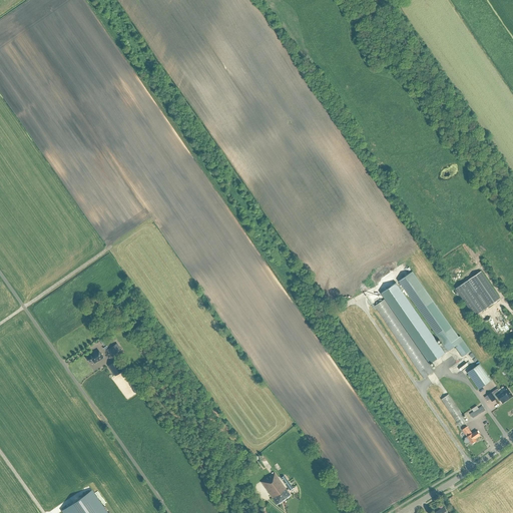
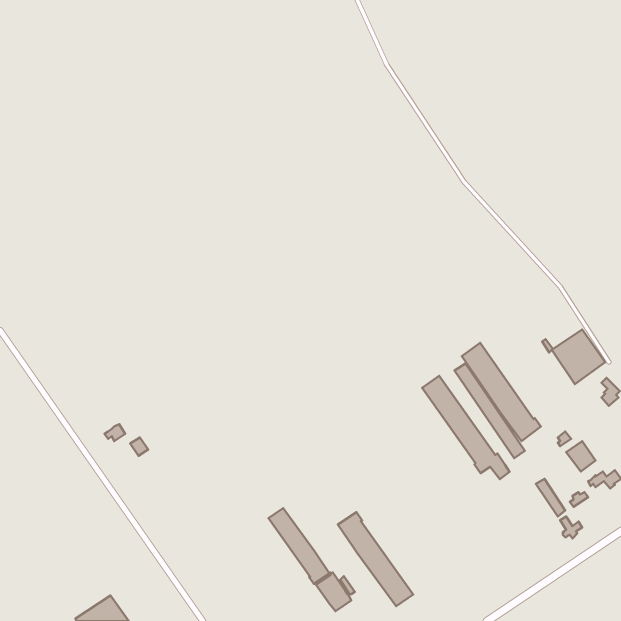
building: [398,272,470,357] -> [422,376,510,479]
building: none -> [268,508,330,584]
building: none -> [338,512,413,606]

